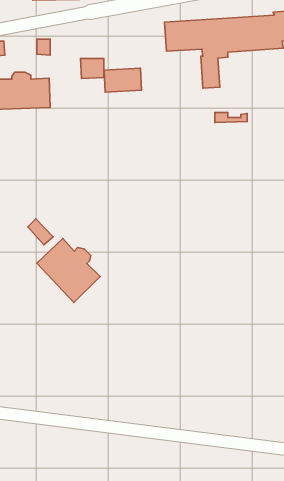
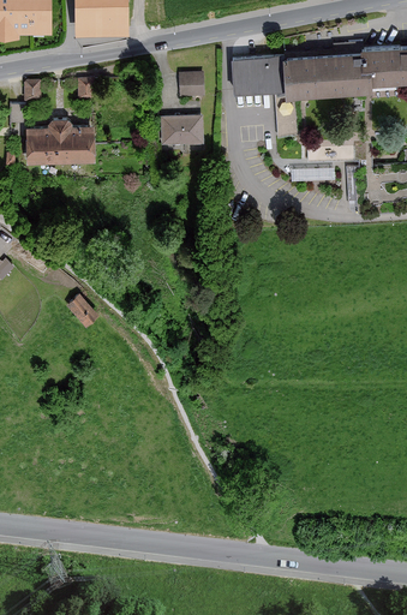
building: [81,58,104,78] -> [175,74,203,98]
building: [37,239,100,303] -> none

